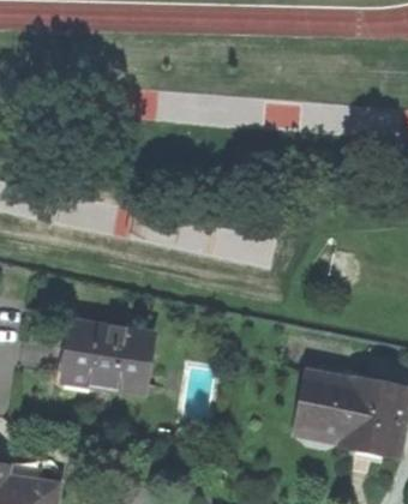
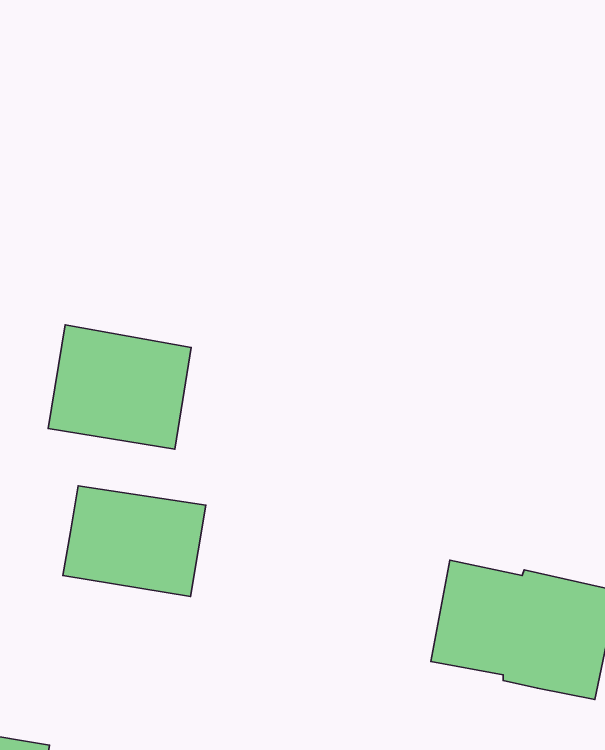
building: none -> [48,325,191,449]

